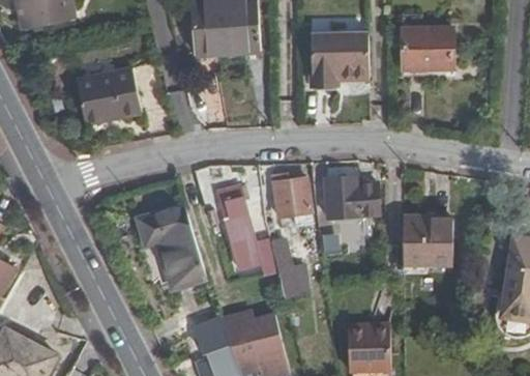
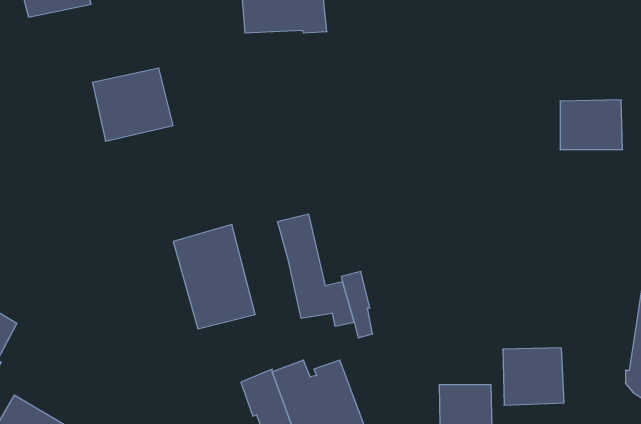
building: [404,27,453,66] -> [560,100,623,149]
building: [311,31,367,83] -> none
building: [324,173,378,213] -> none
building: [273,177,313,224] -> none
building: [402,213,450,259] -> [503,348,564,405]

